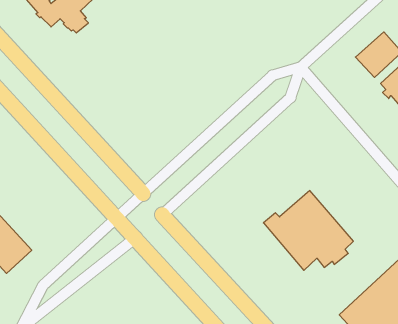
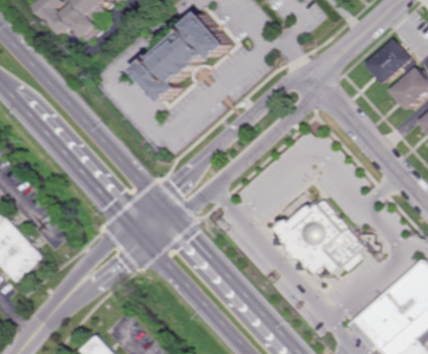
building: none -> [136,13,226,101]

